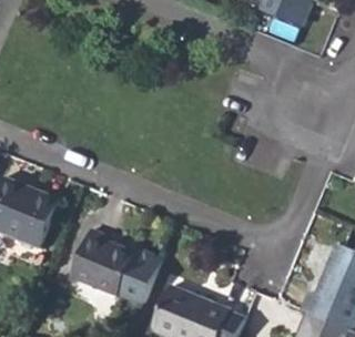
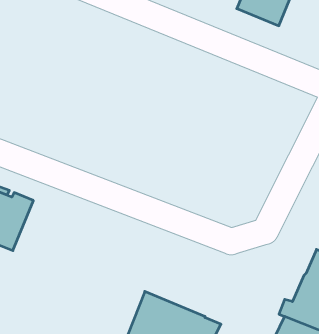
building: [71,228,162,300] -> none

